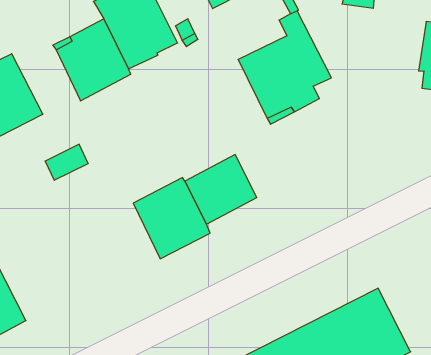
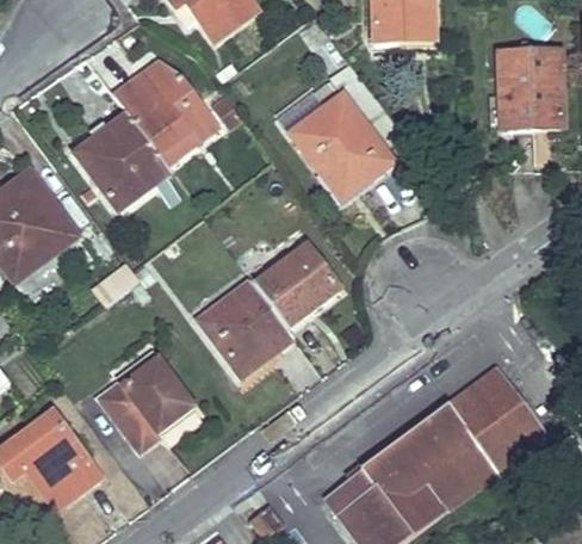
building: none -> [99,352,193,453]

